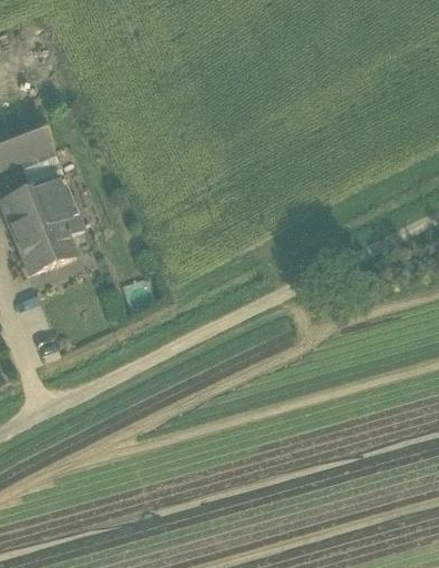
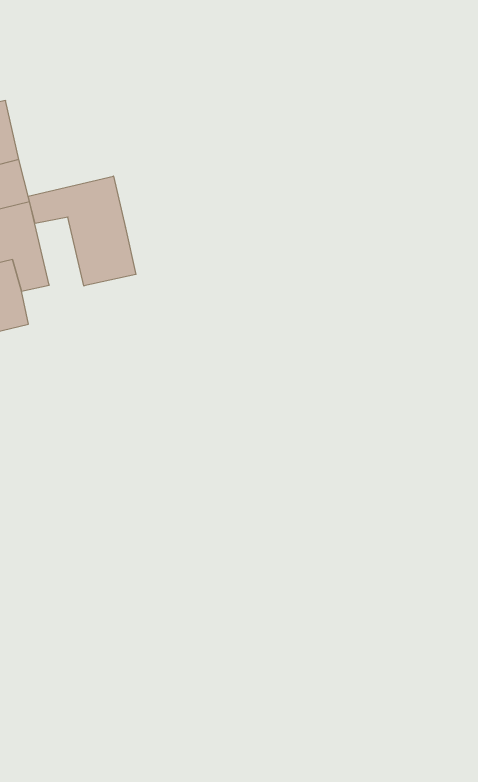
building: none -> [28,176,136,286]

